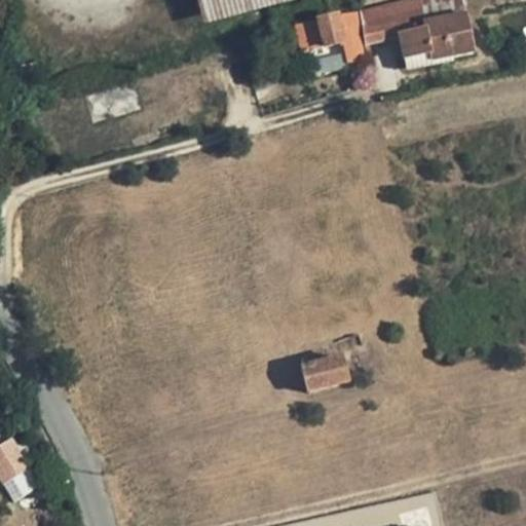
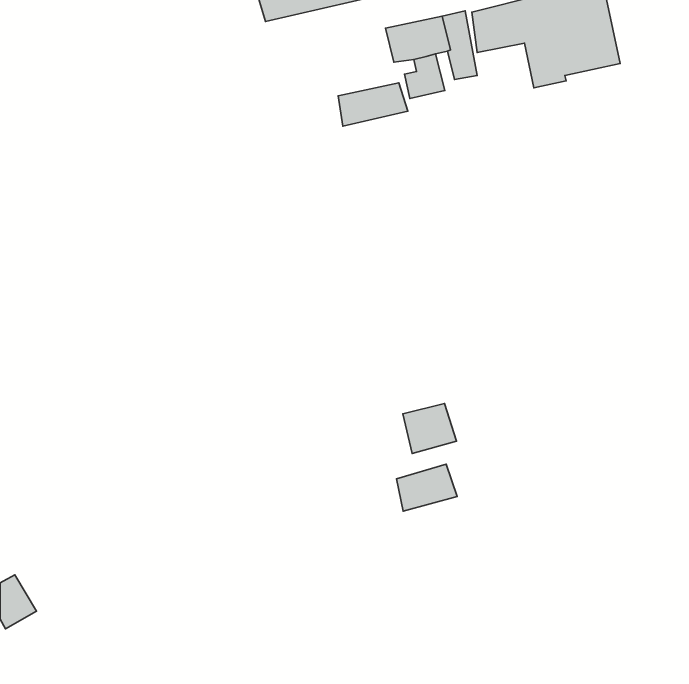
building: none -> [338,83,408,126]
building: none -> [403,404,457,454]

